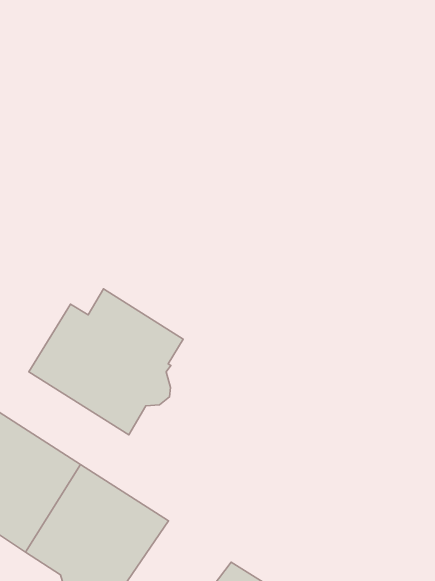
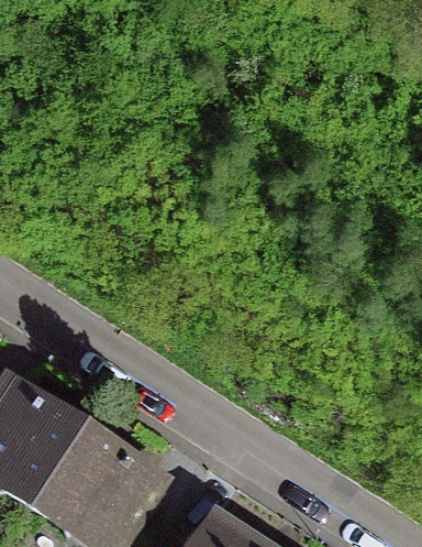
building: [29,289,183,435] -> none

